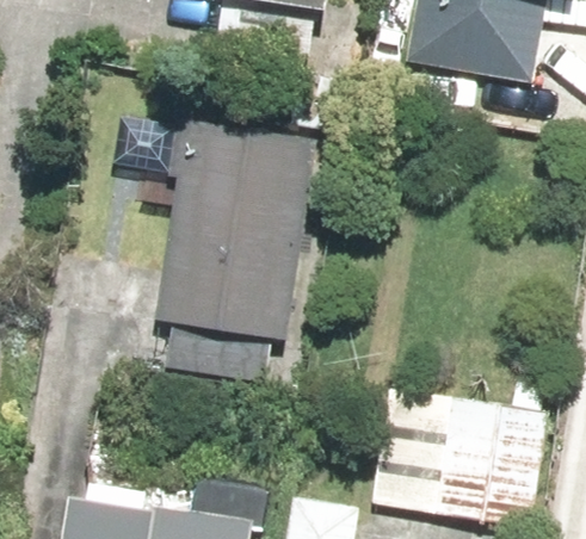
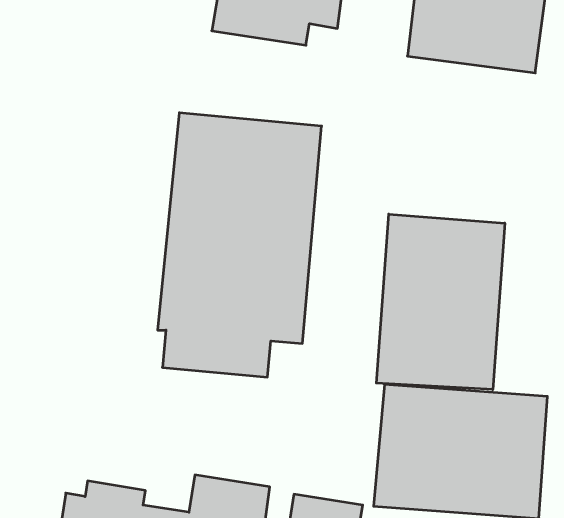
building: none -> [376,214,505,390]

